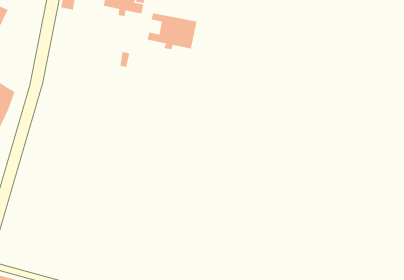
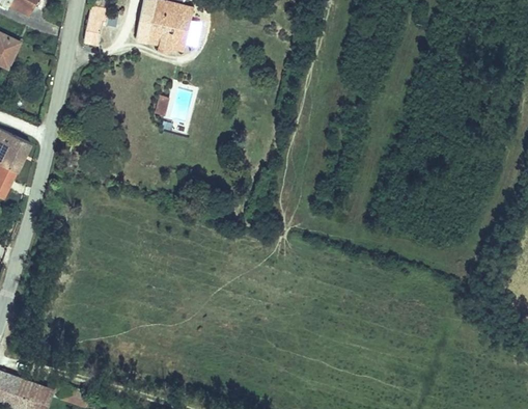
building: [147,13,197,50] -> none

